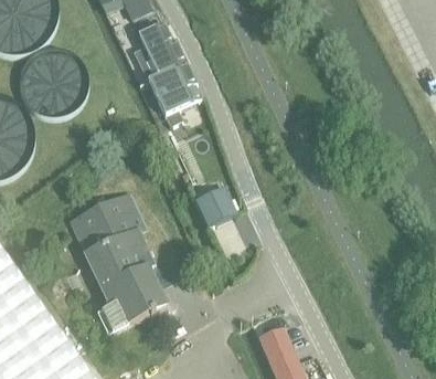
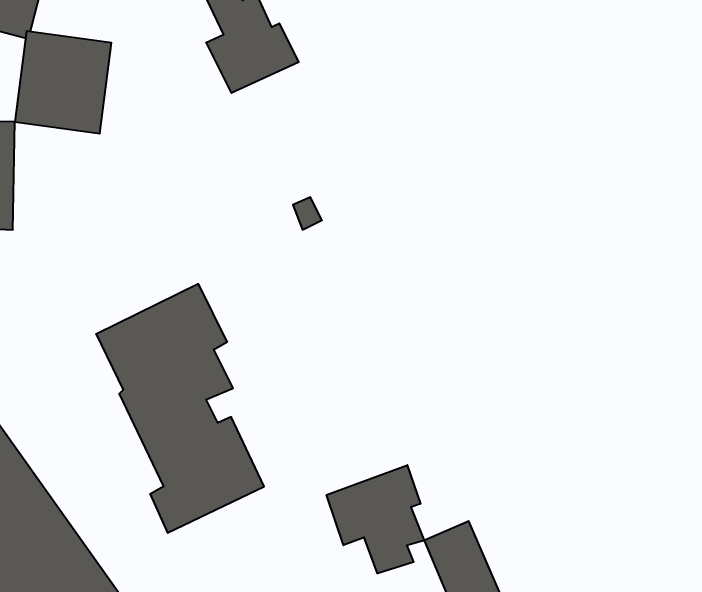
building: [148,65,199,127] -> none
building: [195,188,237,230] -> none
building: none -> [327,465,424,573]

